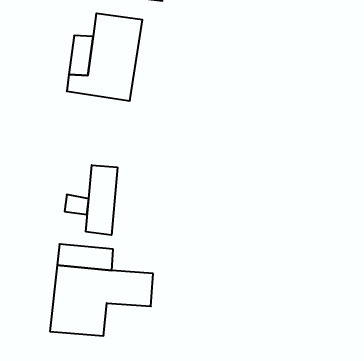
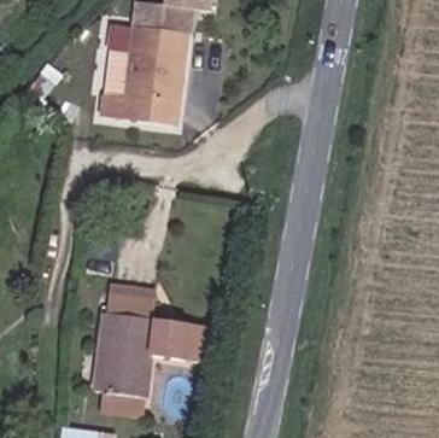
building: [86,165,117,235] -> none

